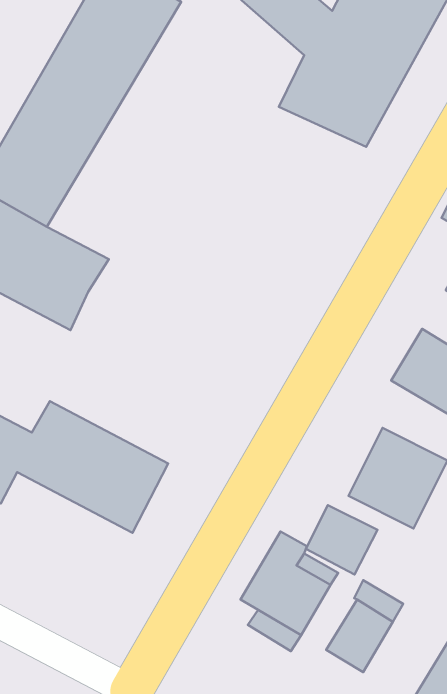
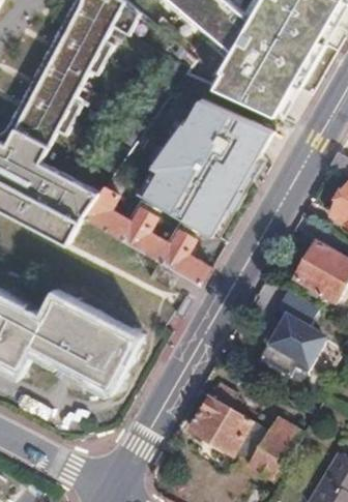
building: none -> [155,108,265,231]
building: none -> [79,185,208,286]
building: [306,505,377,574] -> none

